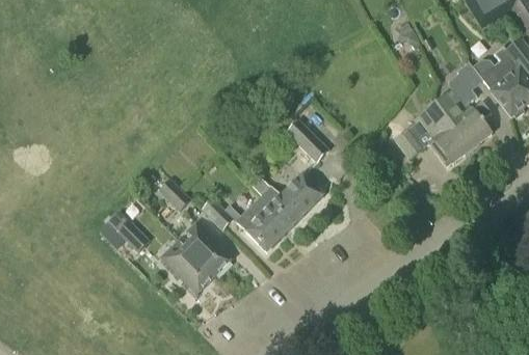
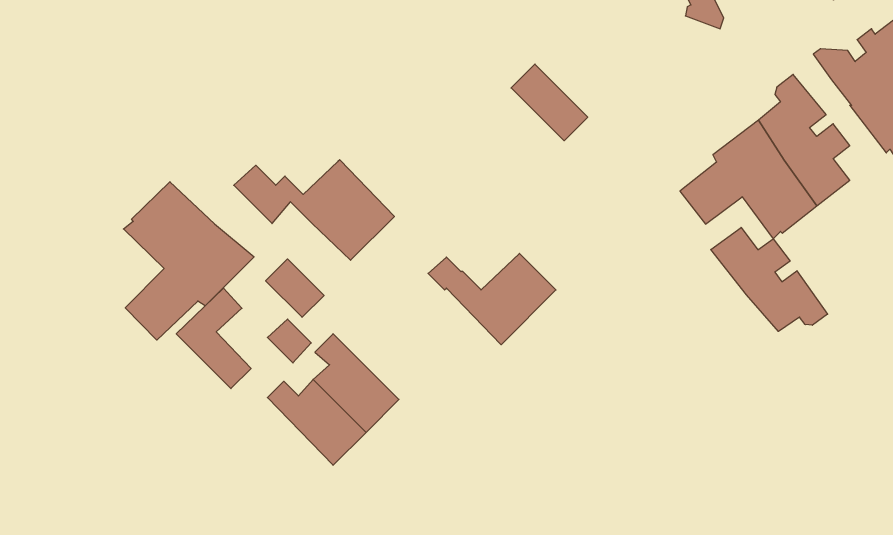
building: [286,117,329,161] -> [511,64,588,141]
building: none -> [123,182,254,340]
building: none -> [711,227,828,331]
building: [201,193,292,250] -> [234,160,394,260]

